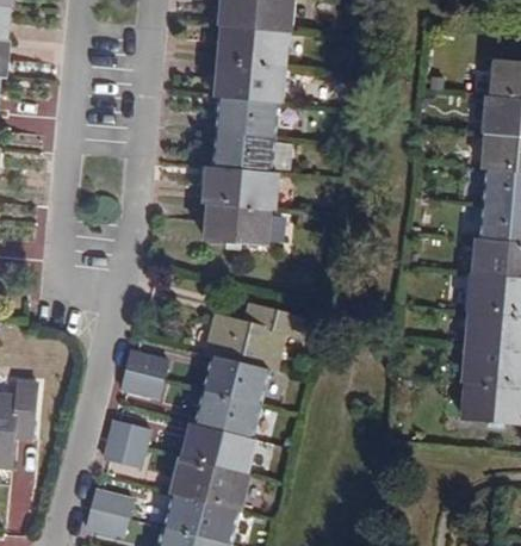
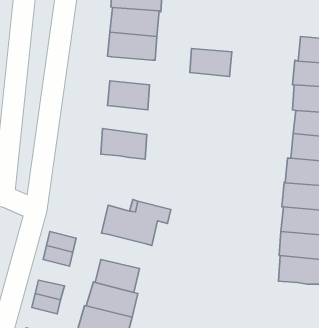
building: [216,97,277,137] -> [190,49,232,77]
building: [201,166,278,209] -> none
building: [203,353,268,403] -> none

